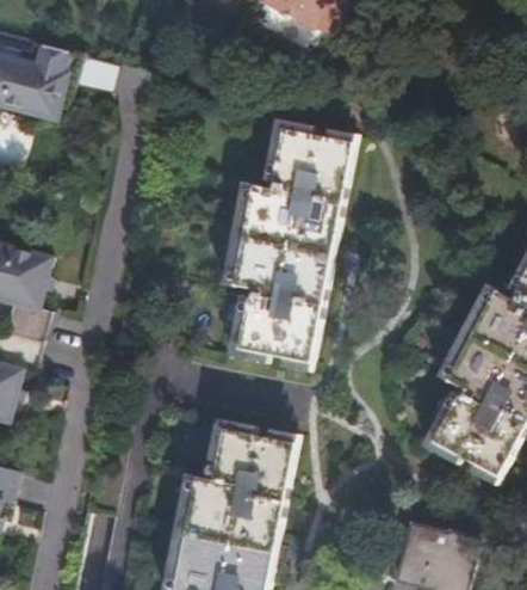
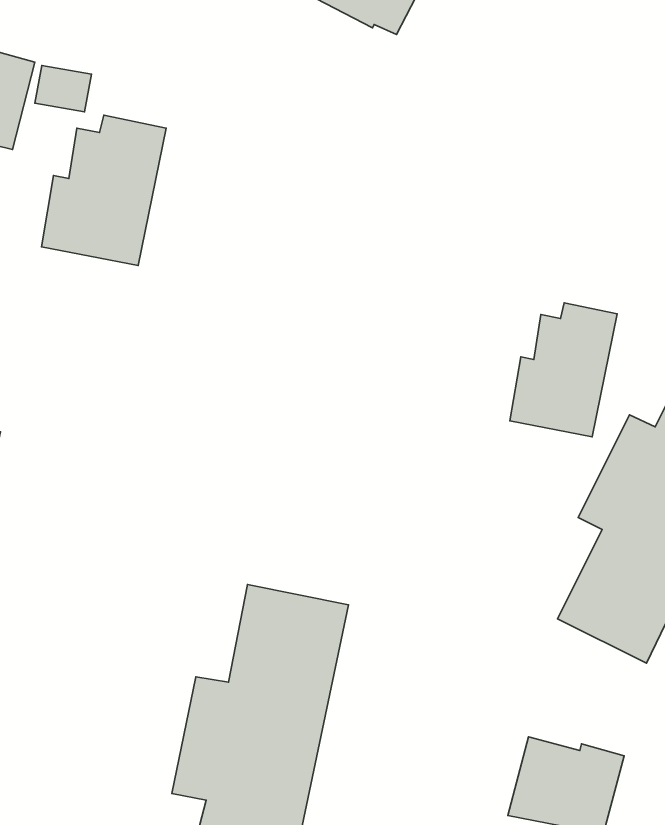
building: none -> [41,115,166,266]
building: [228,130,351,362] -> none
building: none -> [510,303,617,437]

